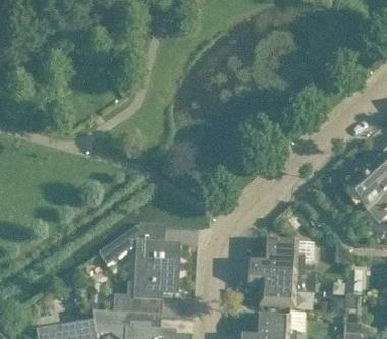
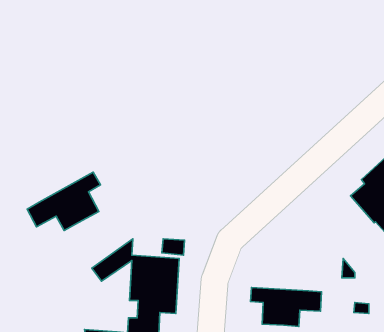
building: none -> [27,172,101,231]
building: [248,239,313,275] -> none

